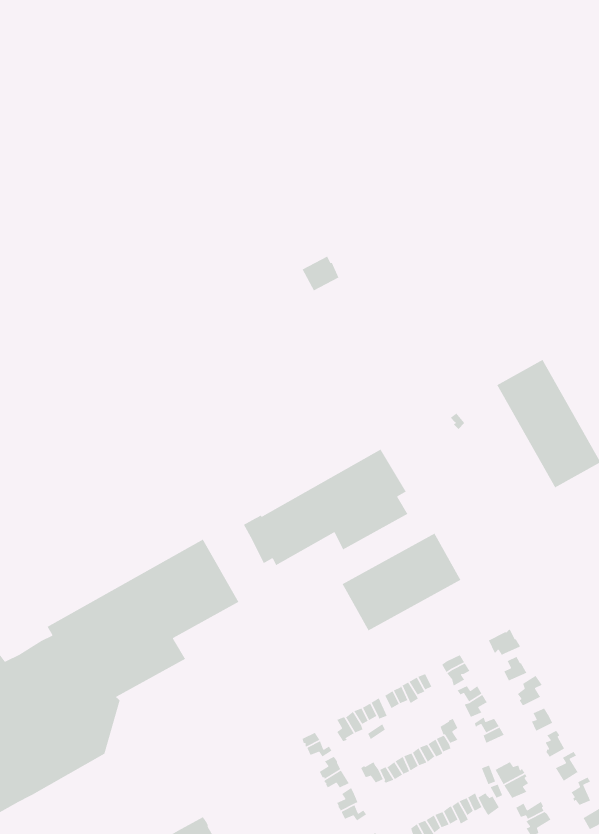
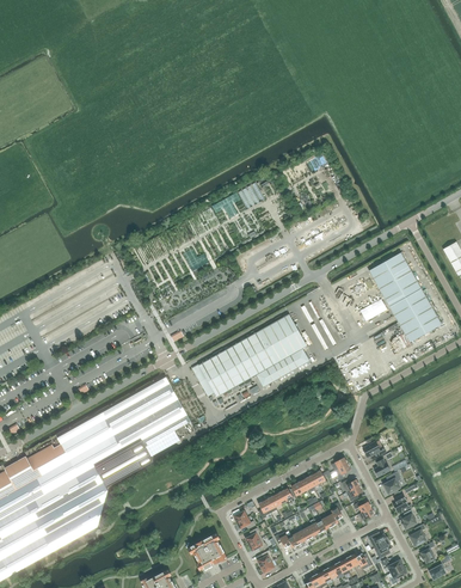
building: [342,533,461,631] -> none
building: none -> [190,534,226,570]

